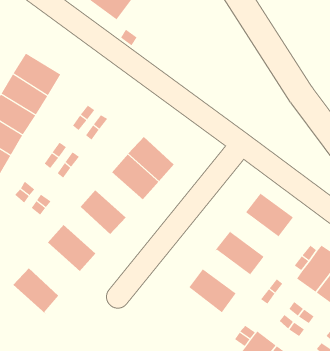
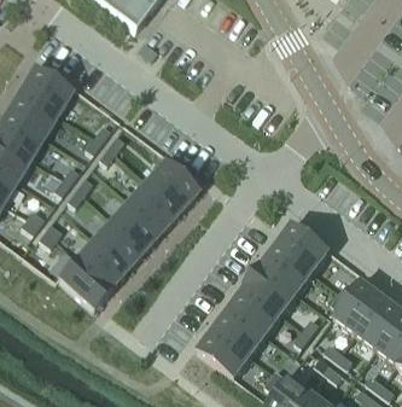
building: none -> [111,197,164,248]
building: none -> [262,242,315,291]
building: none -> [231,284,284,332]
building: [12,268,59,314] -> [76,236,128,287]
building: none -> [199,325,252,376]

